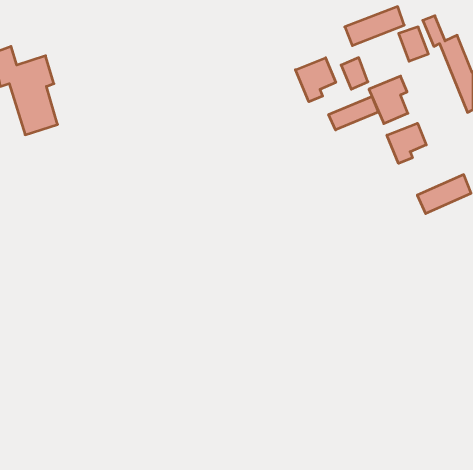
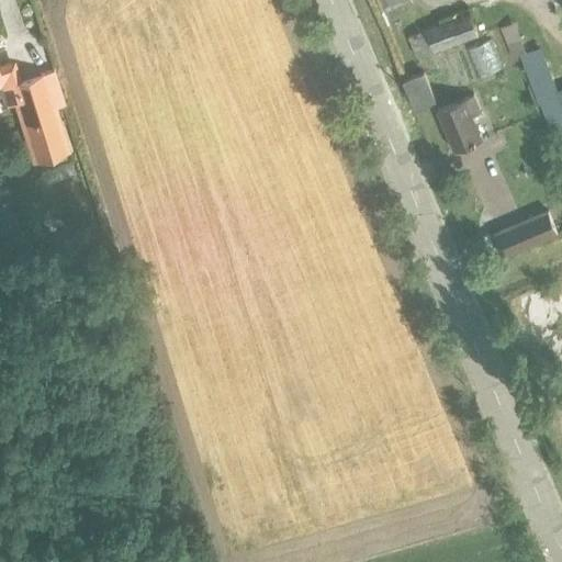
building: [295,58,336,102] -> none
building: [329,96,378,130] -> none
building: [387,123,426,163] -> none

